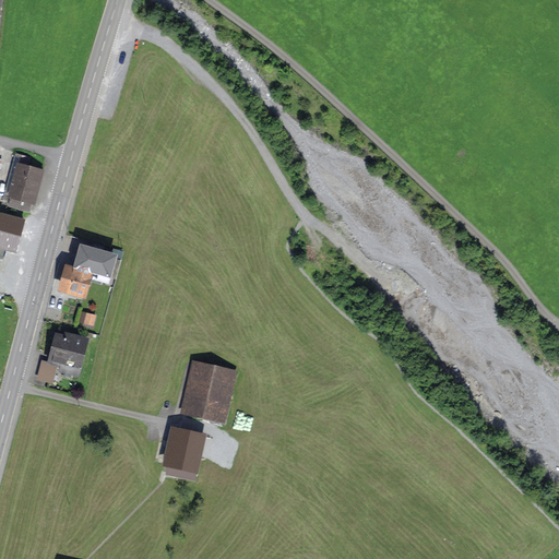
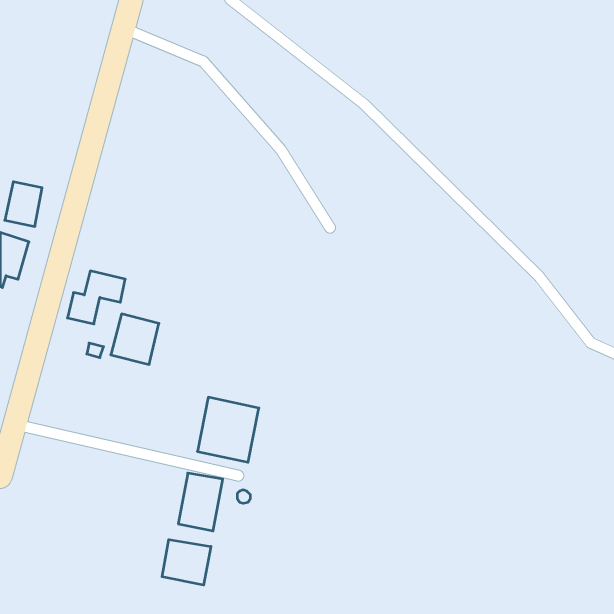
building: [43,325,86,371] -> [111,314,159,364]
building: none -> [162,540,211,585]

